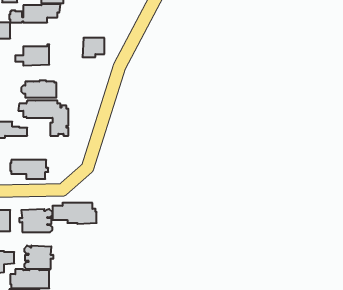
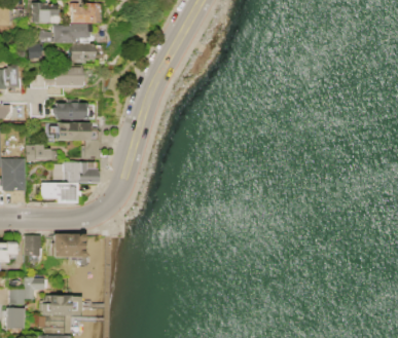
building: [82,38,104,57] -> [71,43,94,63]
building: [52,203,97,224] -> [53,161,99,183]
building: [24,245,53,269] -> none

